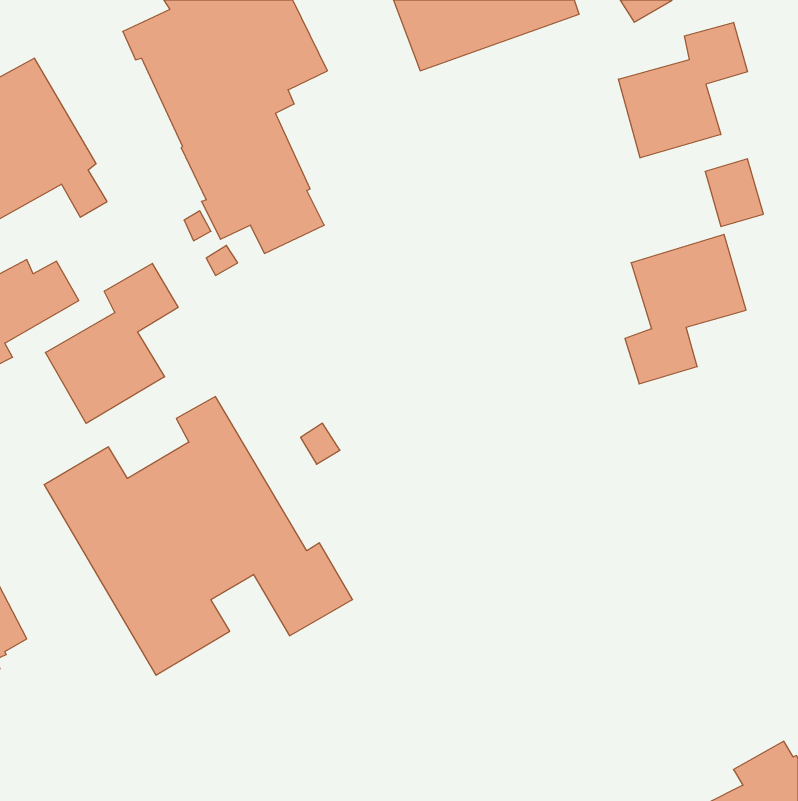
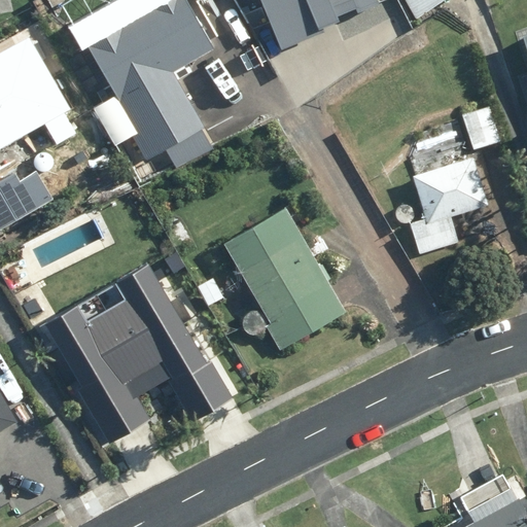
building: [618,22,748,158] -> none
building: [45,263,178,423] -> none
building: none -> [225,206,347,349]

